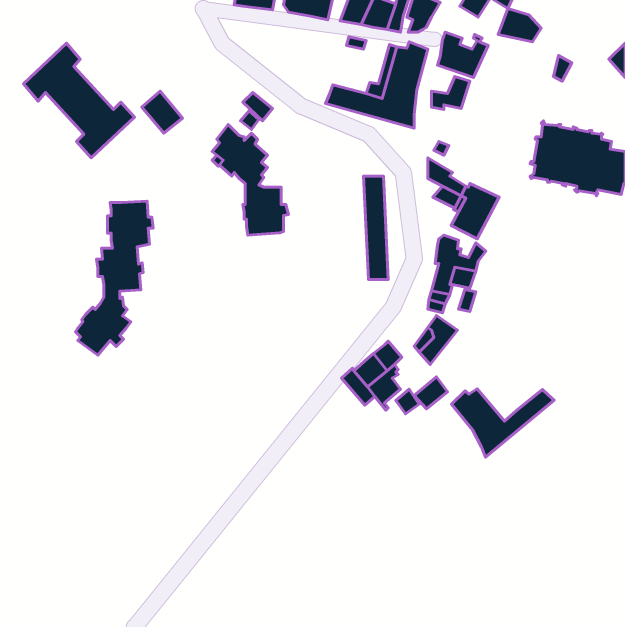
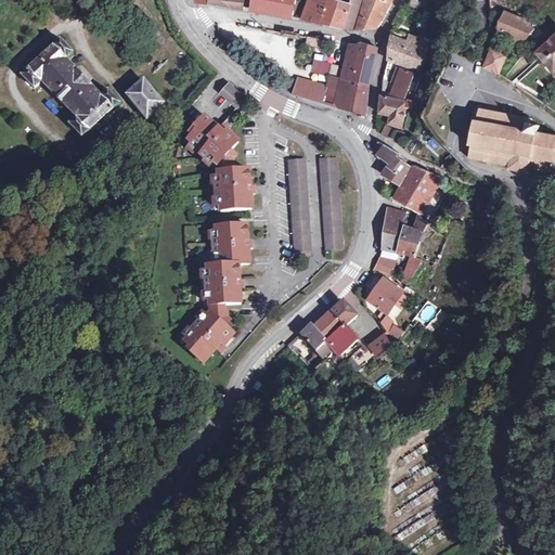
building: [498,9,541,42] -> [494,11,532,40]
building: none -> [378,94,408,126]
building: none -> [288,156,308,248]
building: [76,201,153,355] -> [182,220,250,356]
building: [451,389,554,457] -> none

